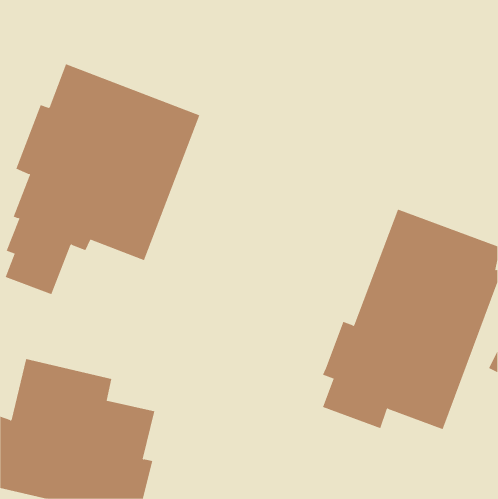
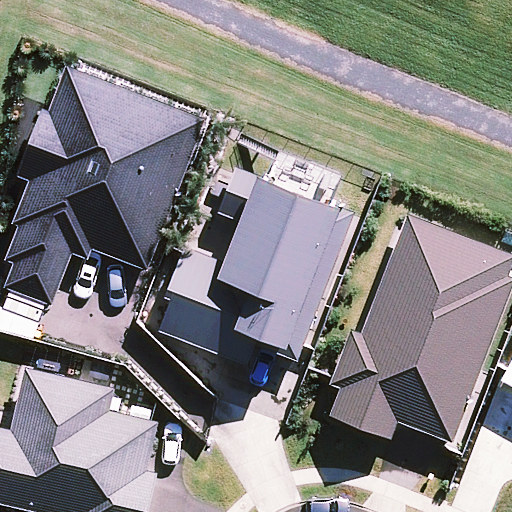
building: none -> [159,167,341,363]

